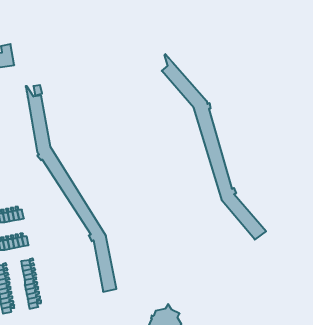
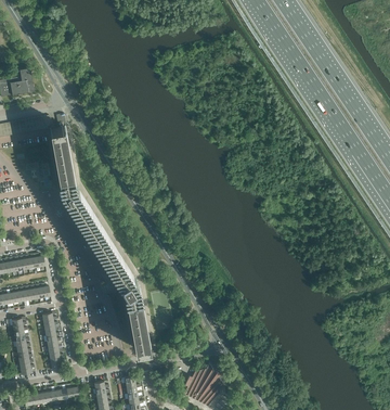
building: [162,54,266,240] -> none

